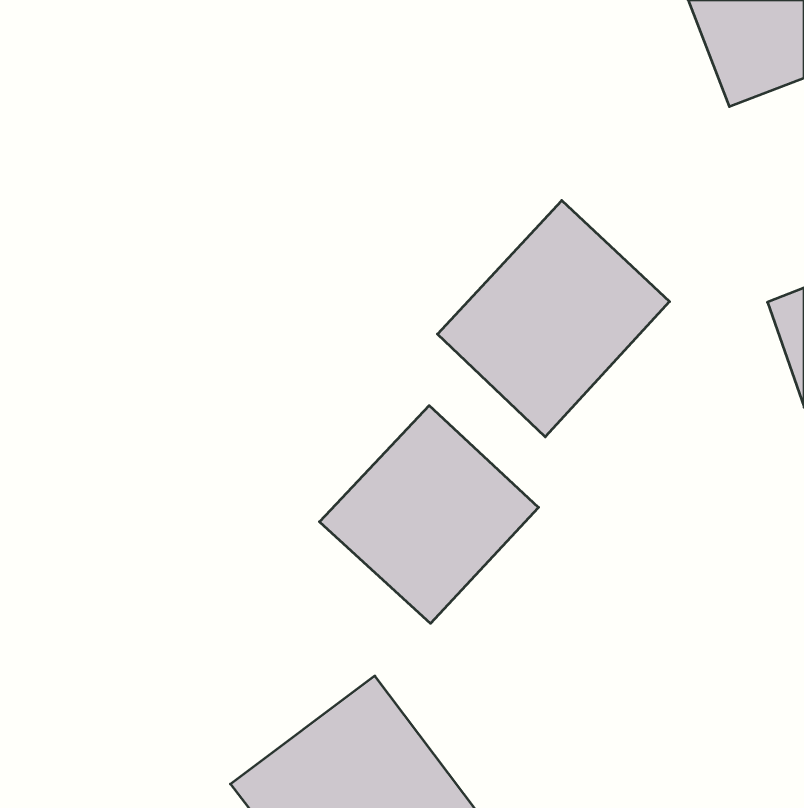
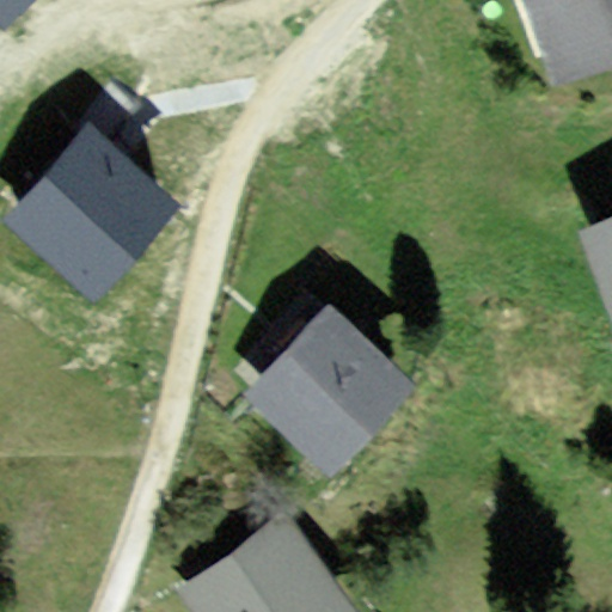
building: none -> [5,122,194,311]
building: [437,200,670,437] -> none

